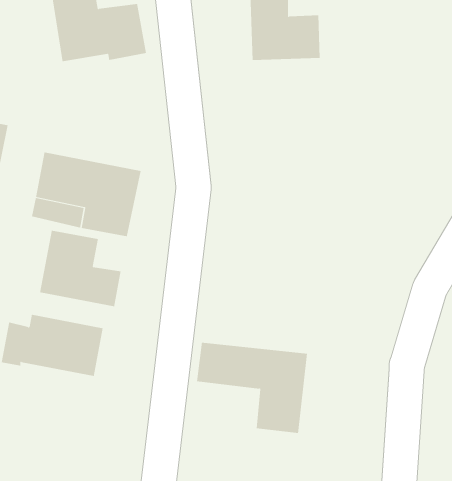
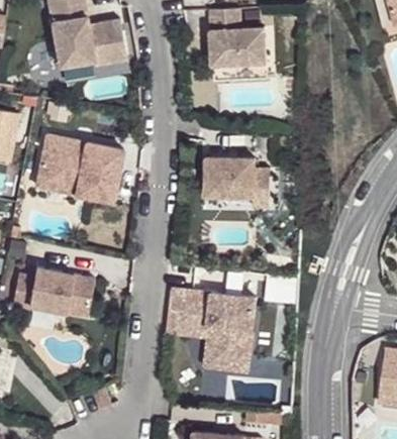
building: none -> [204,156,269,206]
building: [40,230,121,307] -> none
building: none -> [166,320,249,371]

